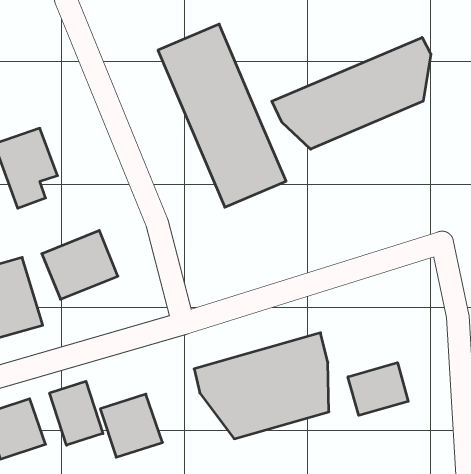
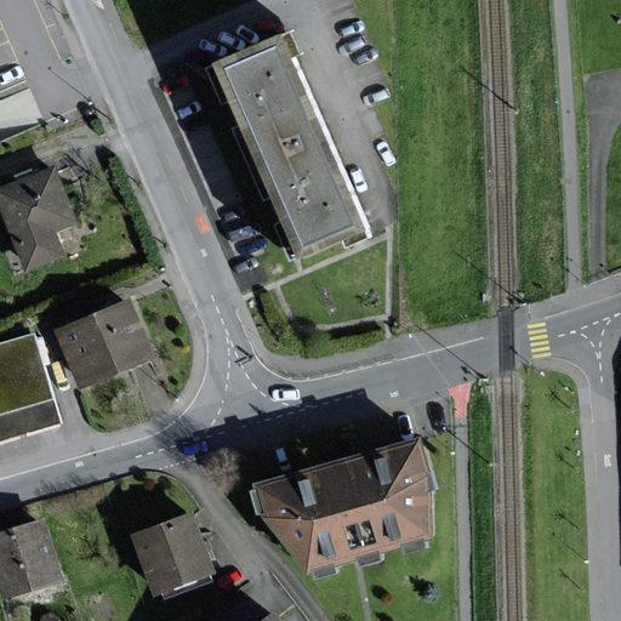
building: [272,37,431,149] -> none
building: [348,363,408,415] -> none
building: [50,381,103,445] -> none

